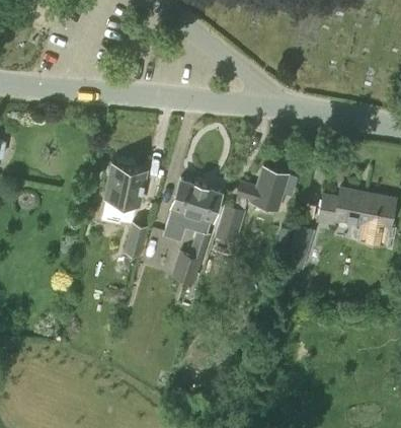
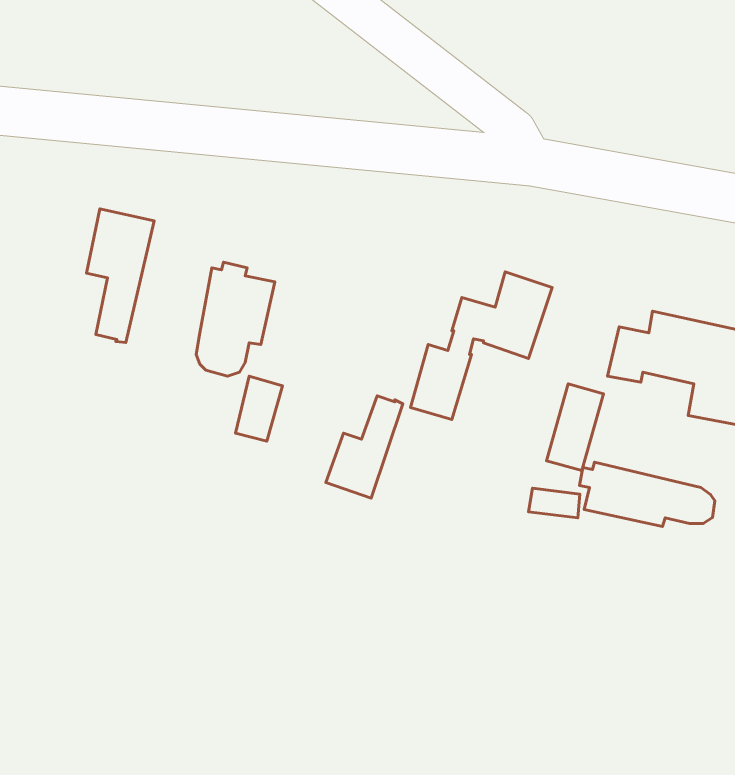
building: none -> [86,209,154,342]
building: [163,176,222,240] -> none
building: none -> [580,462,715,526]

